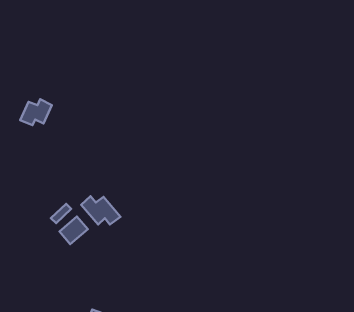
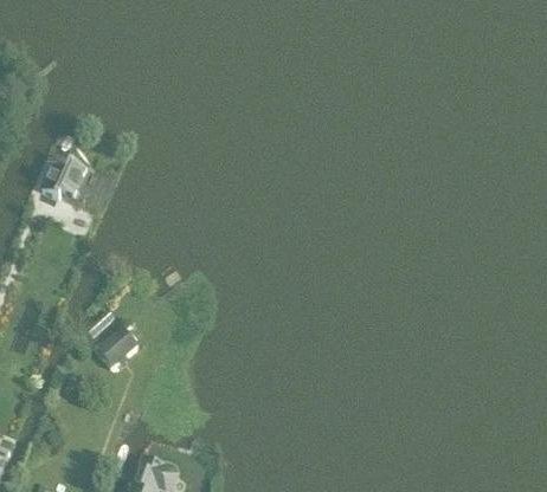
building: [81,196,120,225] -> none

